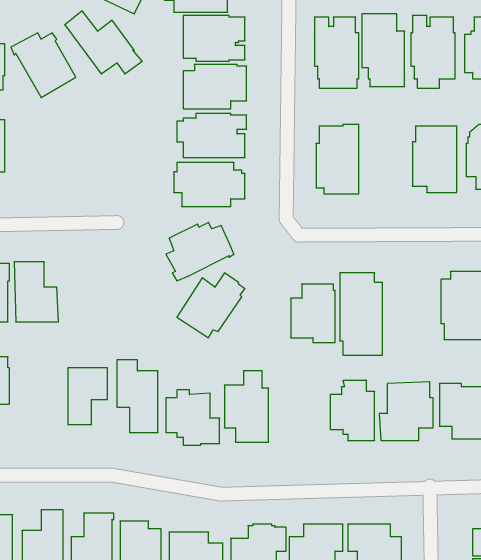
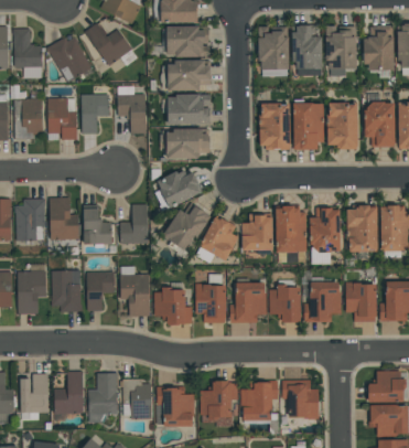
building: none -> [117,86,146,134]
building: none -> [82,94,109,134]
building: none -> [47,97,76,139]
building: none -> [293,99,323,150]
building: none -> [120,204,148,244]
building: none -> [83,207,111,247]
building: none -> [310,207,341,264]
building: none -> [195,217,238,263]
building: none -> [51,270,80,312]
building: none -> [229,278,267,322]

